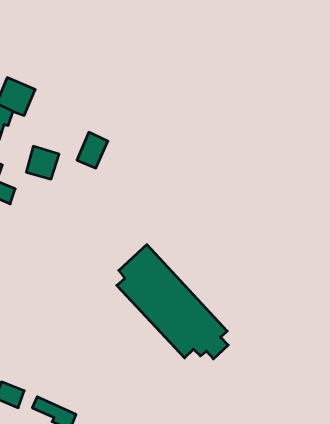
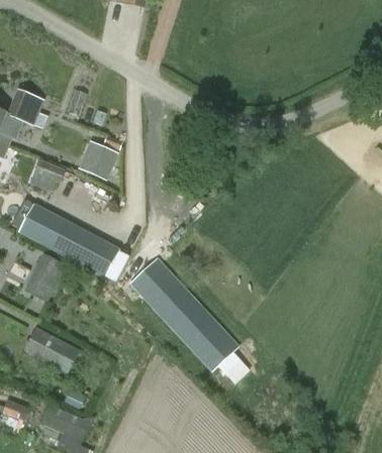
building: none -> [17,203,119,277]
building: none -> [23,252,66,302]
building: none -> [23,327,79,372]

